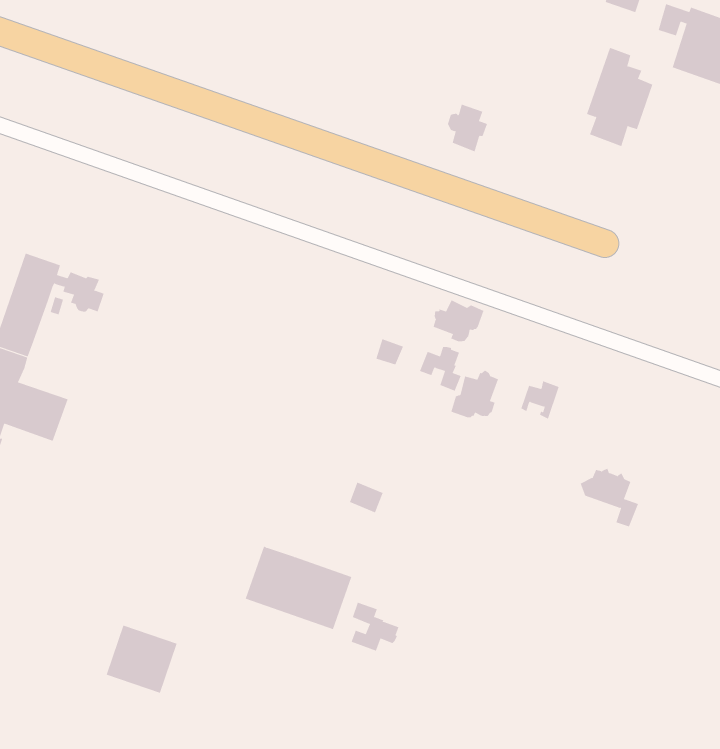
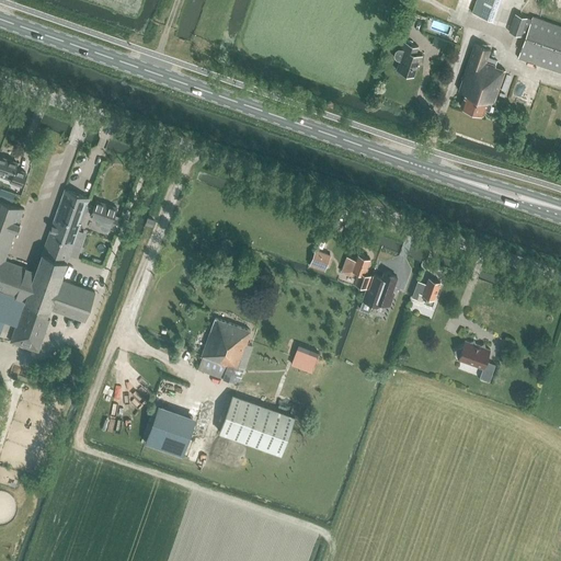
building: [447,104,488,152] -> [393,43,422,77]
building: [433,299,484,342] -> none
building: none -> [197,319,250,382]
building: [351,602,399,651] -> none
building: [106,625,178,693] -> [144,408,194,456]

